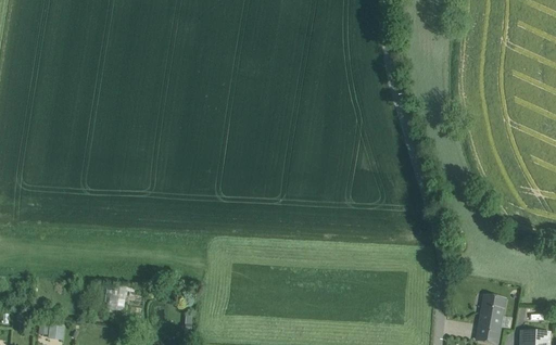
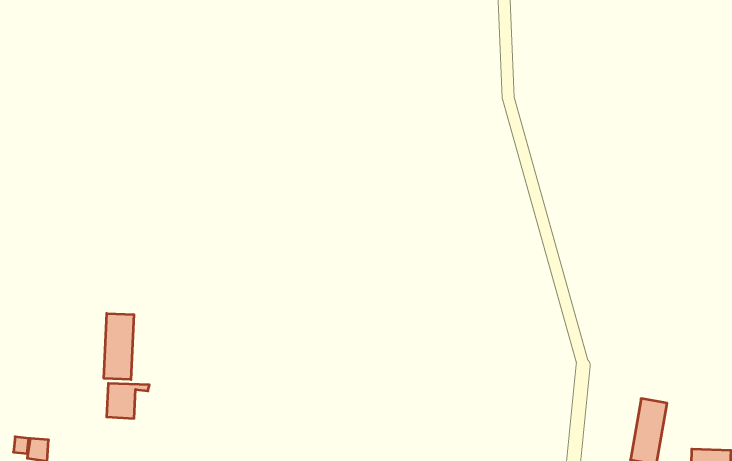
building: none -> [104,313,134,380]

